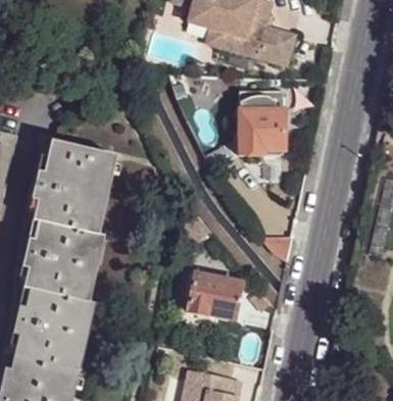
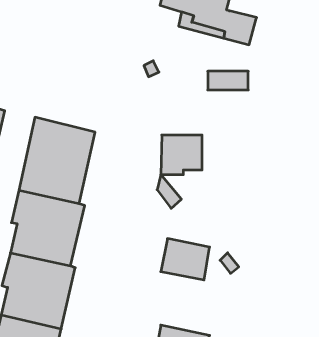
building: [237,112,282,155] -> [161,135,202,175]

